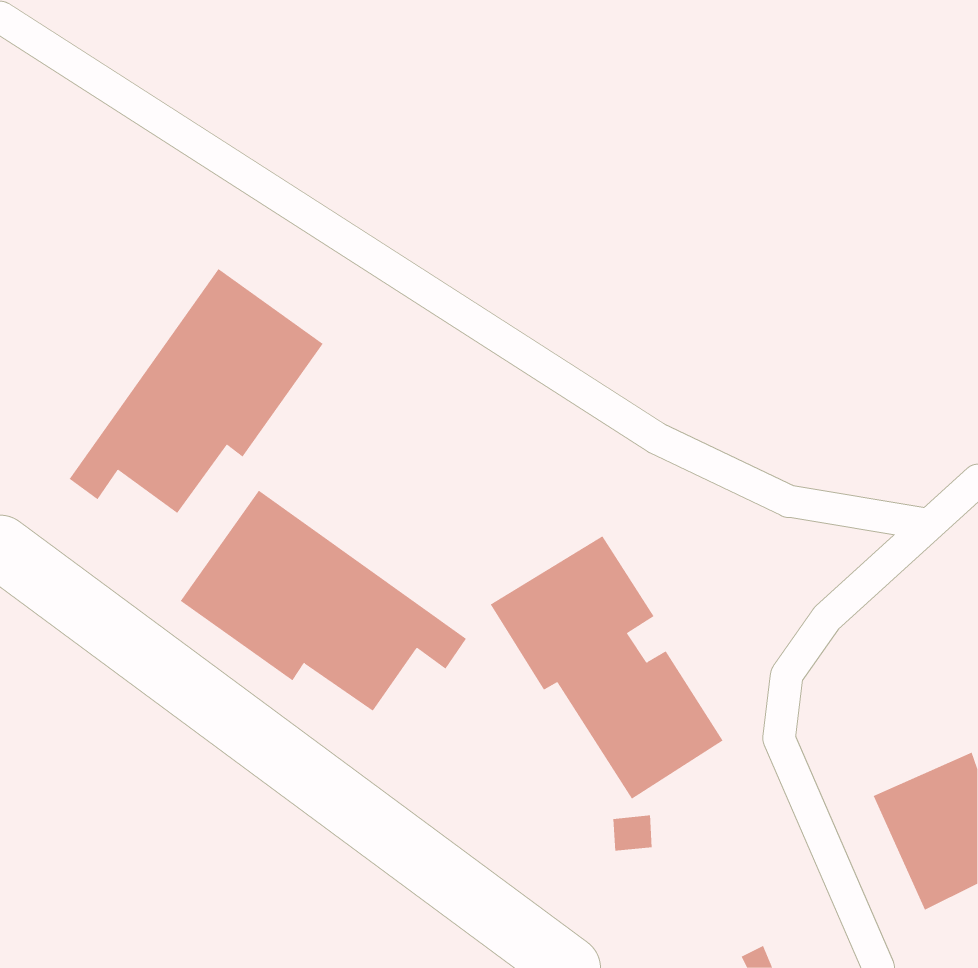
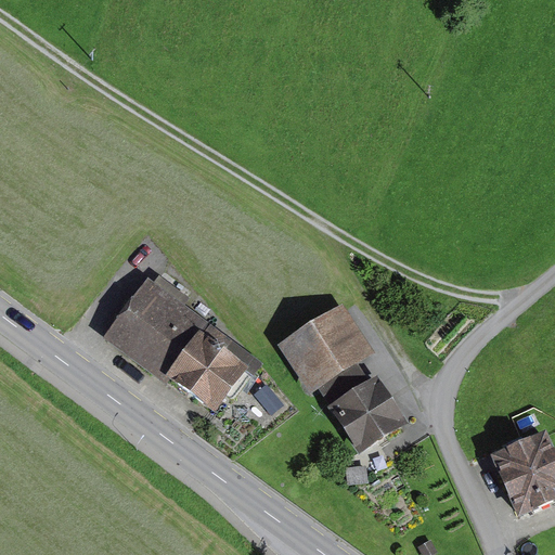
building: [69,268,324,514] -> none

